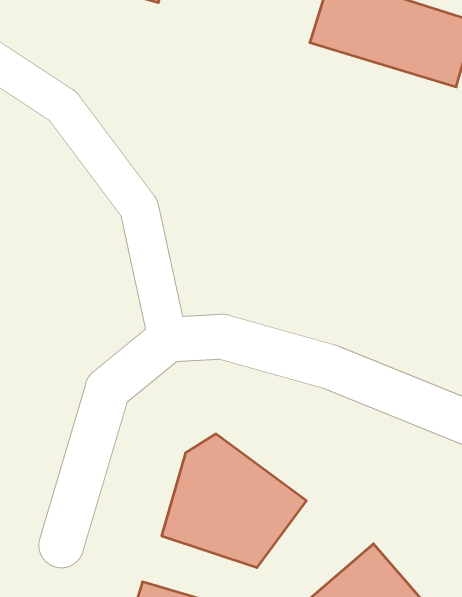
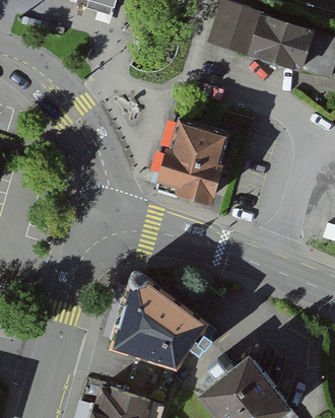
building: none -> [158,117,238,198]

